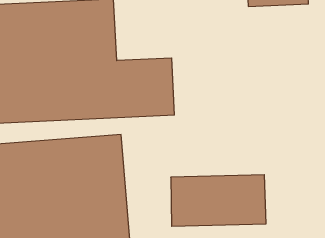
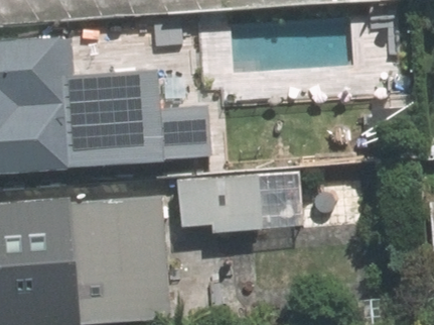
building: [171,175,266,226] -> [173,172,285,232]

